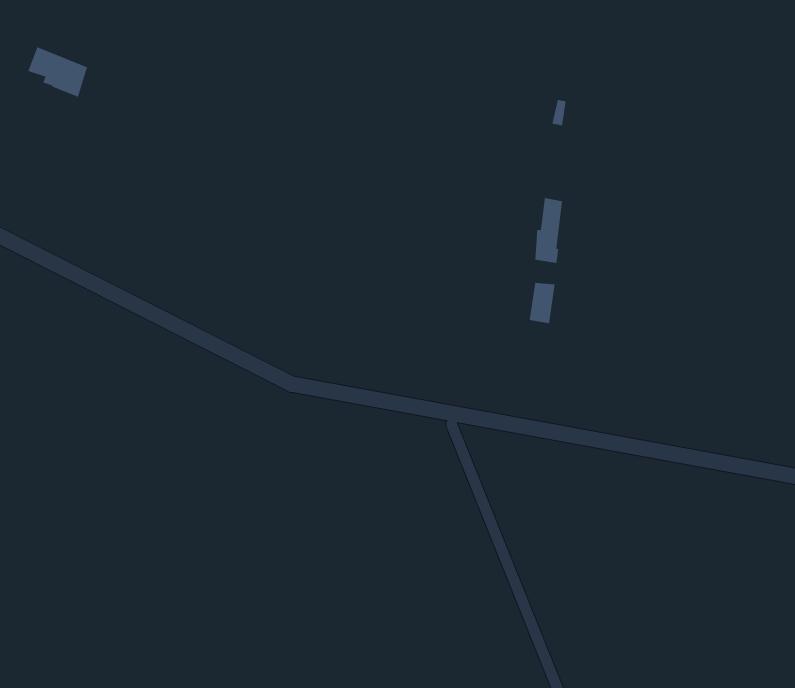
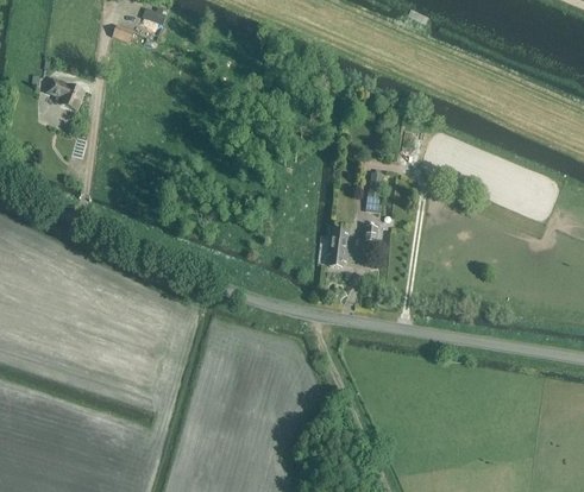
building: none -> [327,227,348,266]

